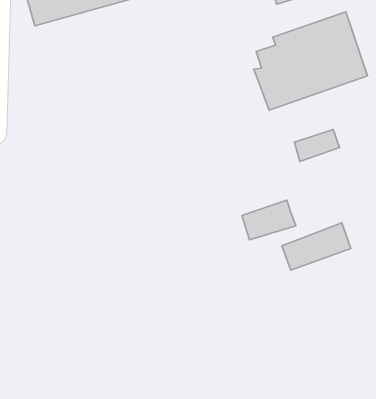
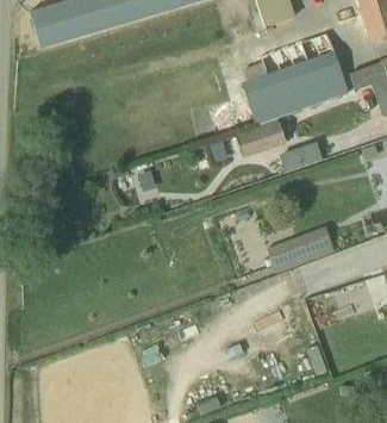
building: [242,200,296,240] -> [237,119,287,156]

